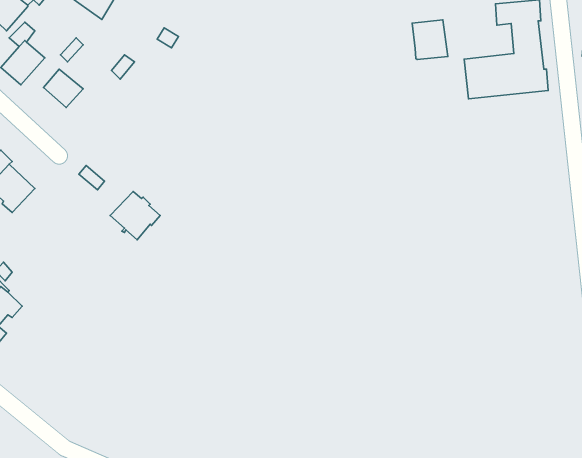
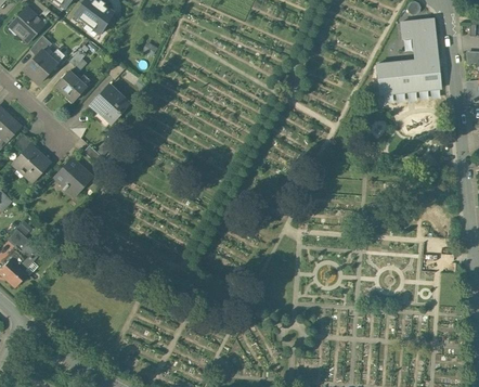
building: [412,20,448,60] -> none
building: none -> [91,85,129,122]
building: [110,191,160,240] -> [54,158,92,195]

